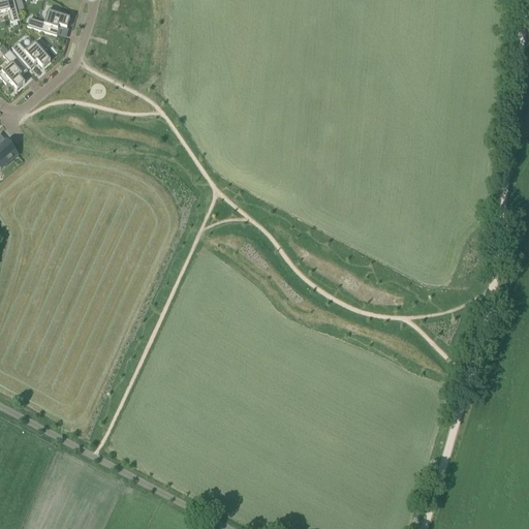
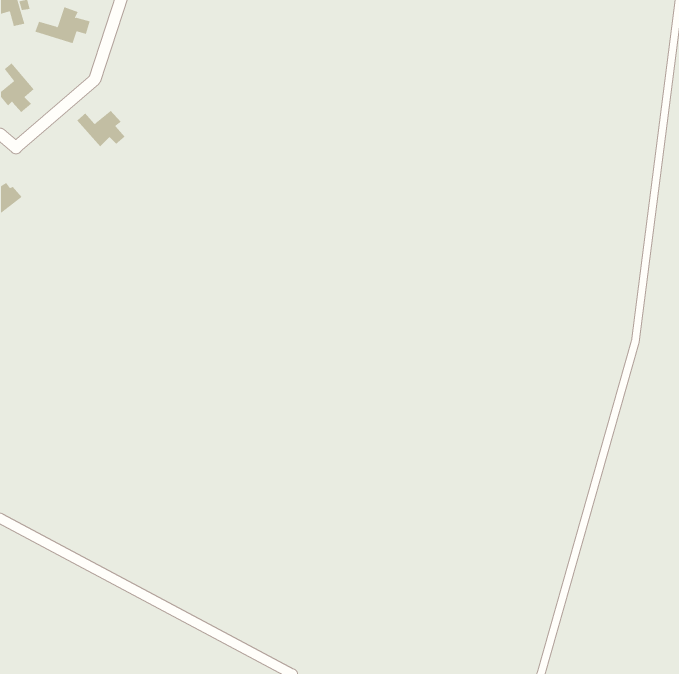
building: [11,38,50,67] -> [76,110,126,147]

